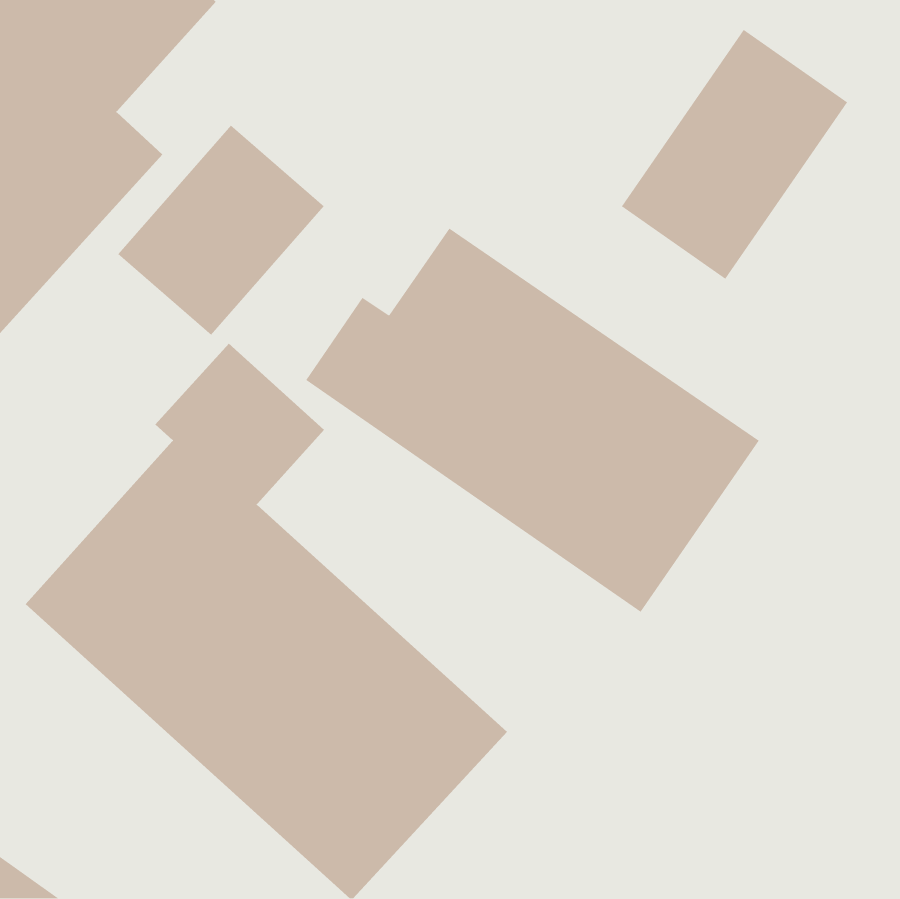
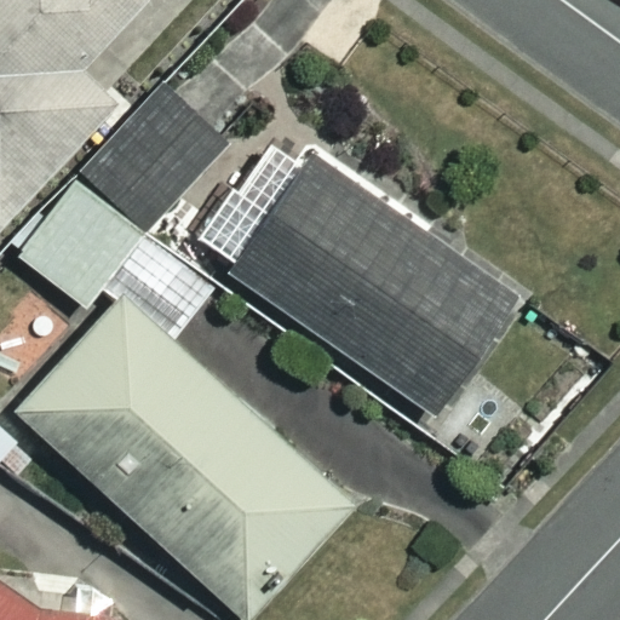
building: [621,29,848,280] -> none
building: none -> [15,173,144,304]

